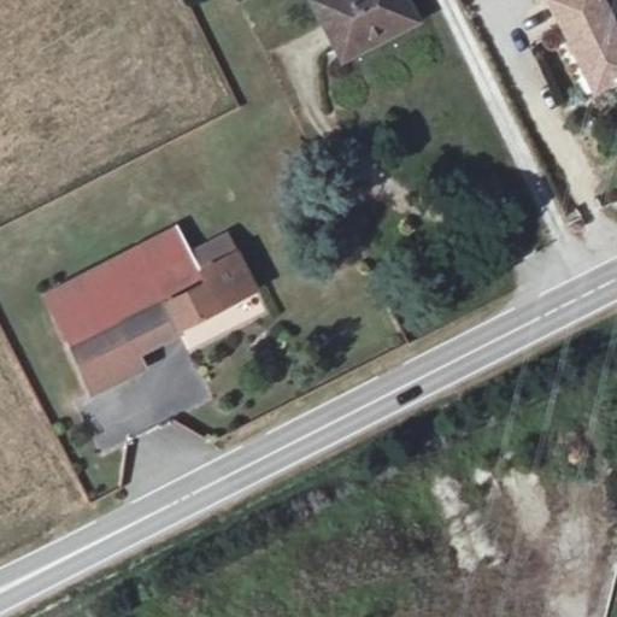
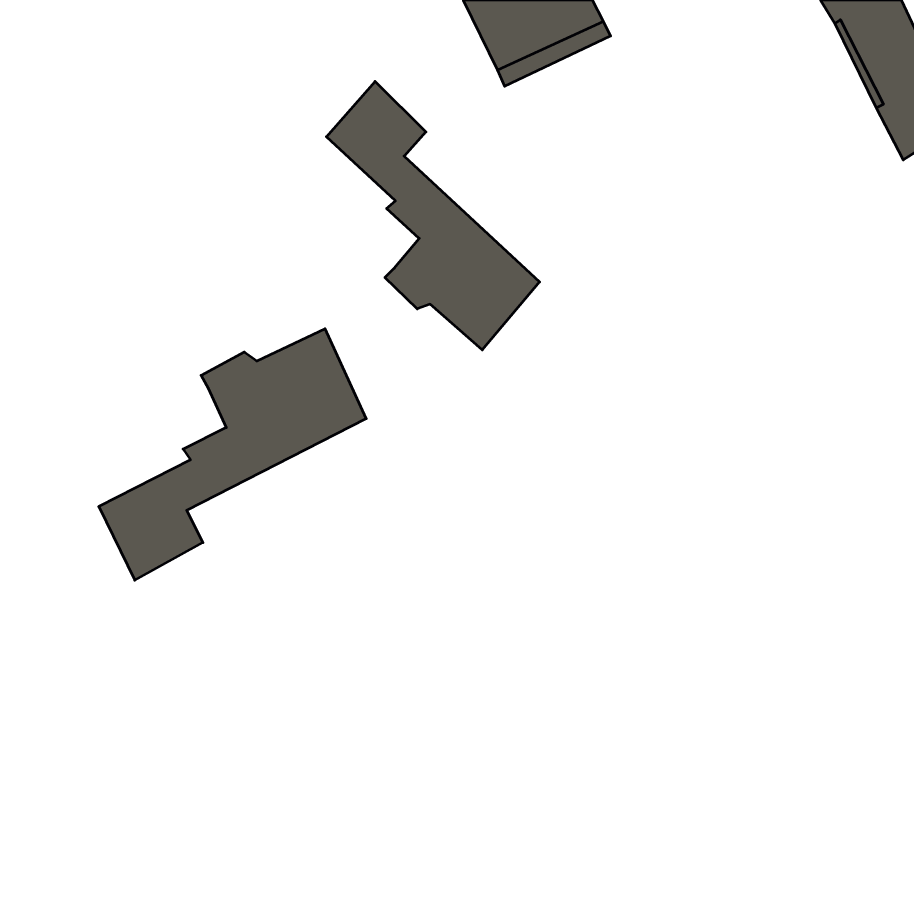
building: none -> [326,81,540,350]
building: [53,260,154,340] -> none

